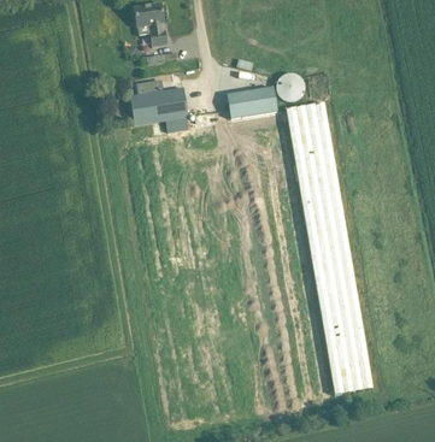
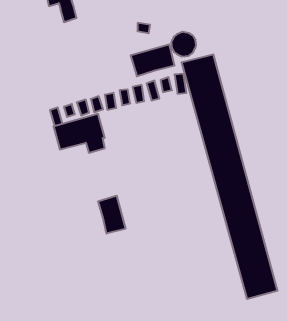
building: [129,87,188,131] -> [53,114,105,153]
building: none -> [98,196,125,234]

